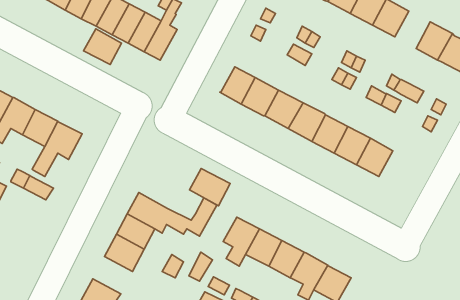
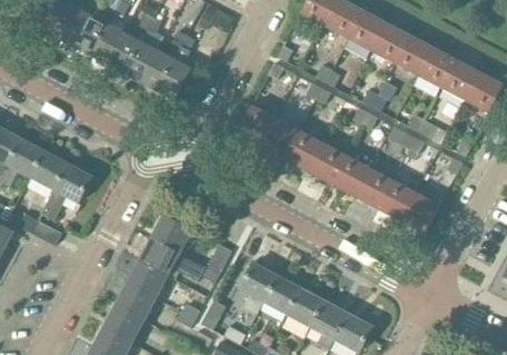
building: none -> [418,48,455,87]
building: [84,29,122,64] -> none
building: none -> [401,194,439,233]
building: [190,169,230,206] -> [151,215,193,254]
building: none -> [103,304,145,343]

